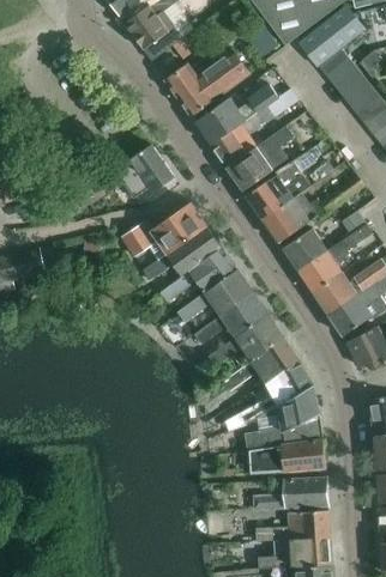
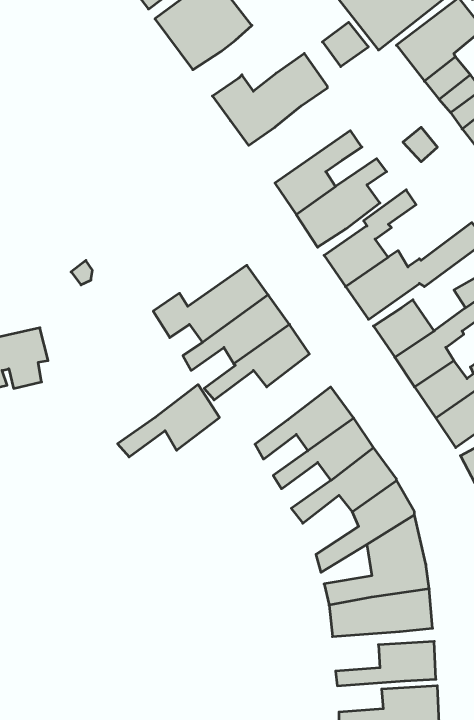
building: [195,85,278,144] -> none
building: [114,145,175,199] -> none
building: [177,268,252,321] -> [118,385,219,457]

